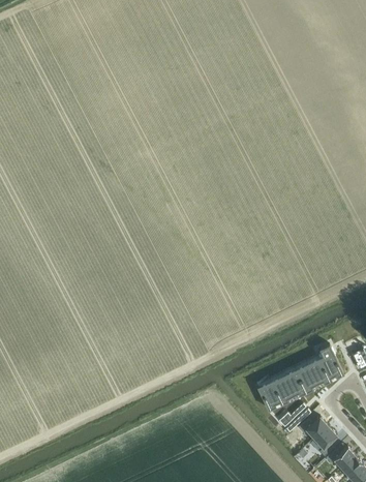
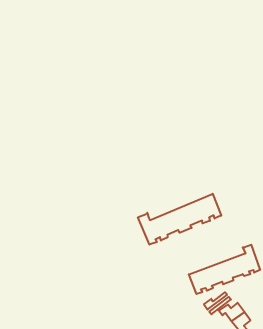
building: none -> [138,194,221,245]

